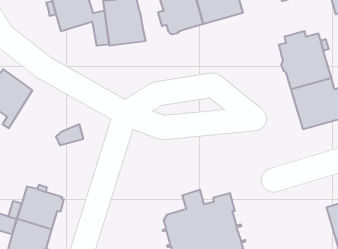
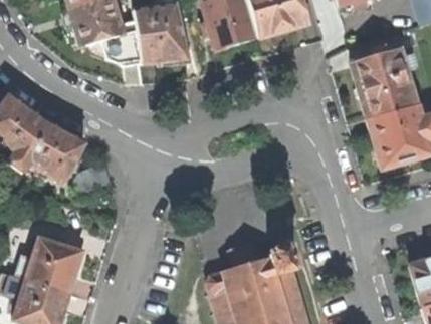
building: none -> [17,119,86,182]

